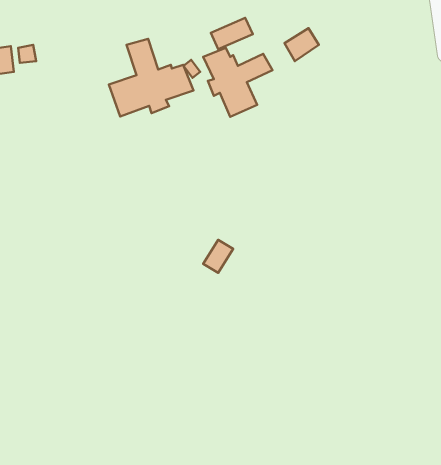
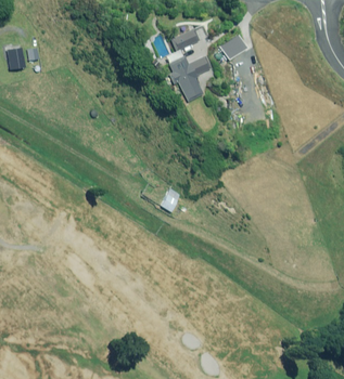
building: [109,39,194,116] -> none

